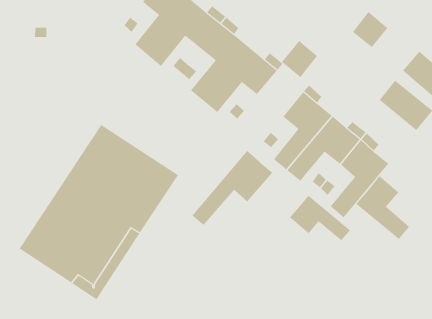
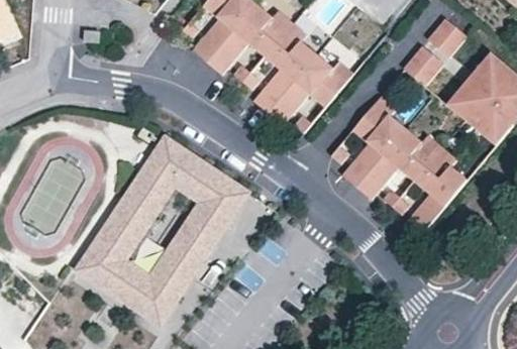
building: [281,40,318,78] -> [402,44,441,85]
building: [192,150,273,226] -> none
building: [356,175,410,240] -> none
building: [289,195,351,241] -> none

